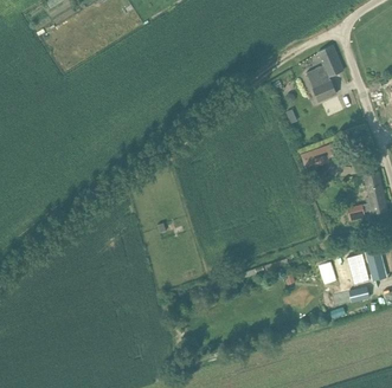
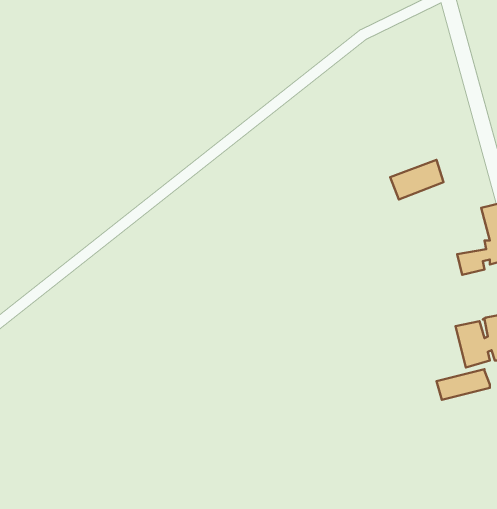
building: [306,45,342,101] -> none

